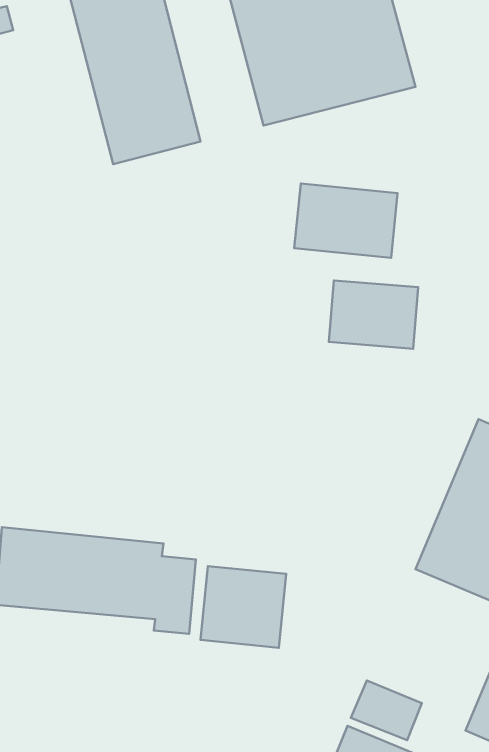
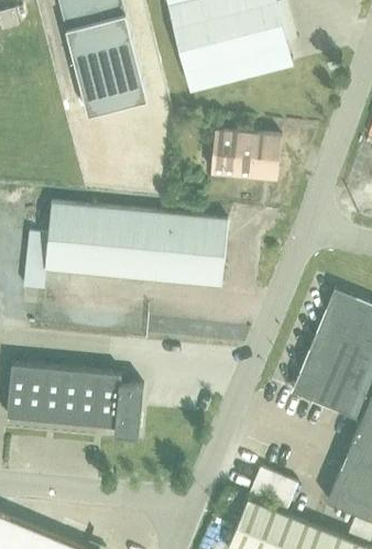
building: [329,280,418,349] -> none
building: none -> [23,204,227,287]
building: [201,566,286,648] -> none

